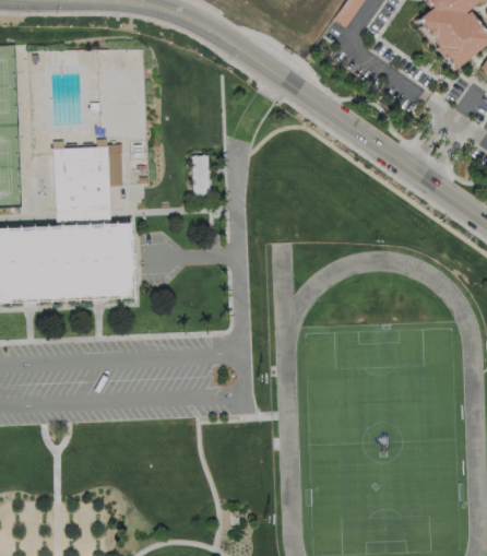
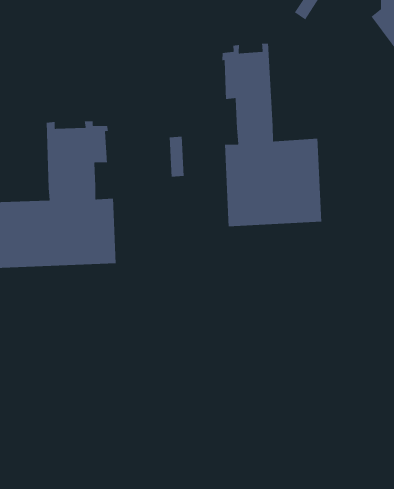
building: none -> [222,43,322,227]

